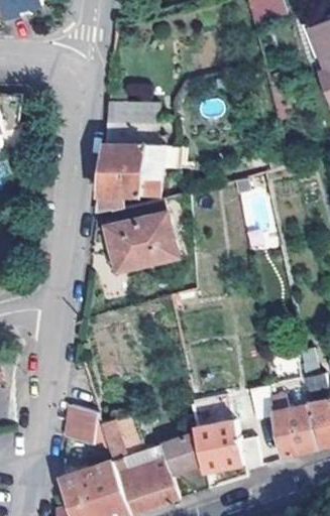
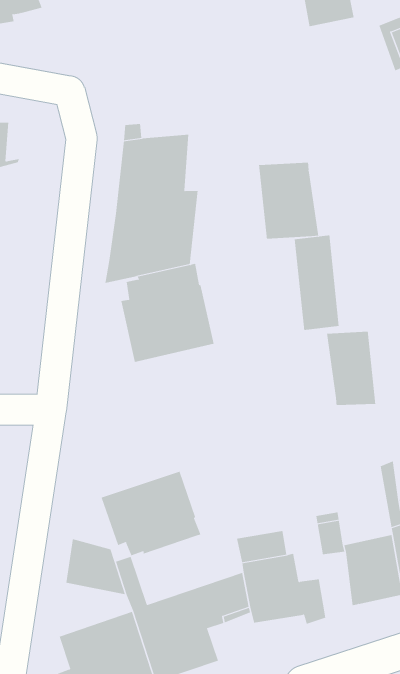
building: none -> [259,162,319,240]
building: none -> [327,331,376,406]
building: none -> [101,471,201,556]

